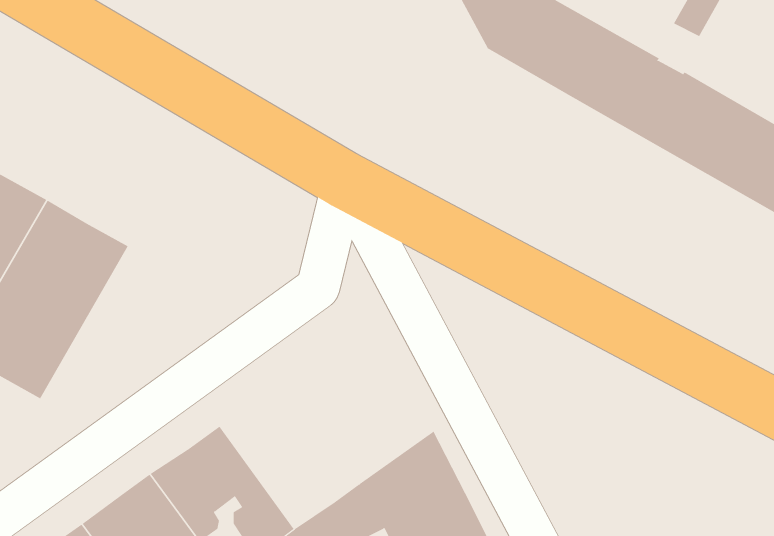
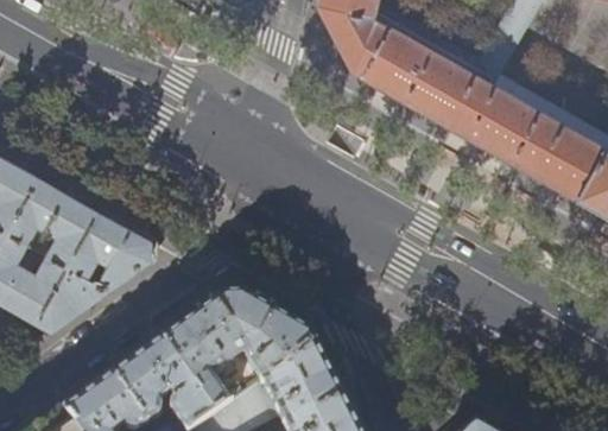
building: none -> [33,211,150,331]
building: none -> [162,294,315,413]

